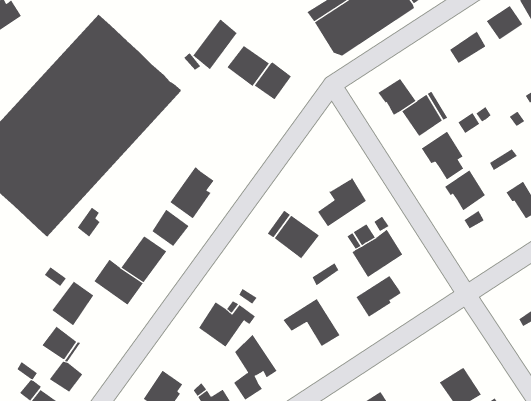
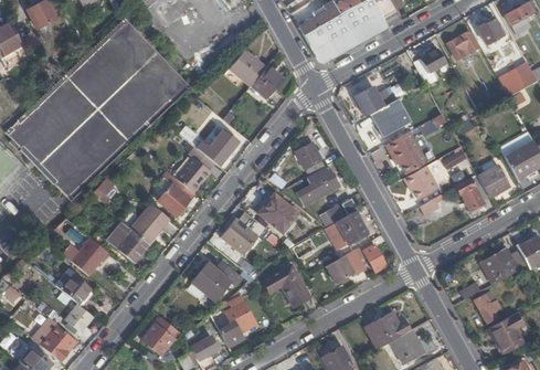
building: [193,18,238,70] -> none
building: none -> [202,128,239,166]
building: none -> [296,142,326,177]
building: none -> [222,213,265,255]
building: none -> [354,240,385,272]
building: none -> [366,313,411,349]

